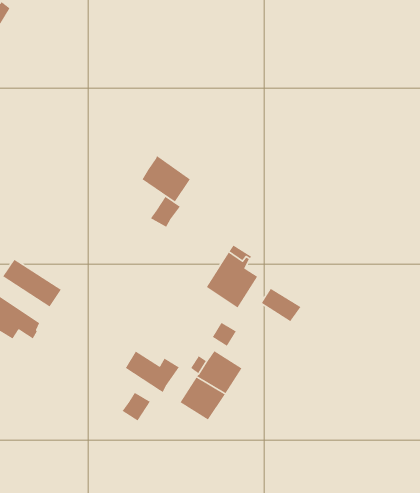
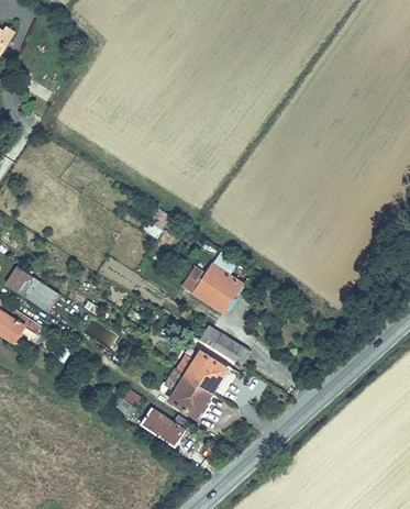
building: [141,155,191,203] -> none
building: [261,288,301,322] -> [212,333,250,365]
building: [125,350,180,393] -> [140,407,190,446]

